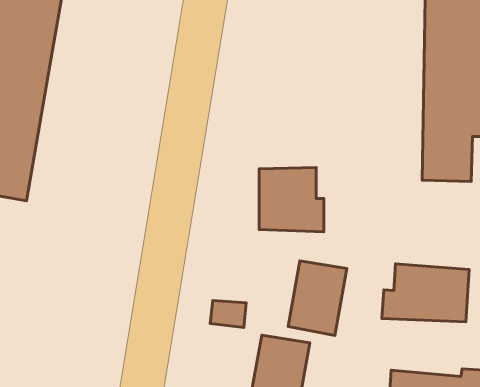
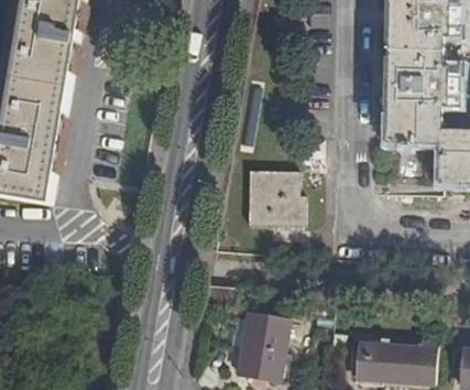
building: [288,261,347,335] -> none
building: [382,264,469,322] -> none

